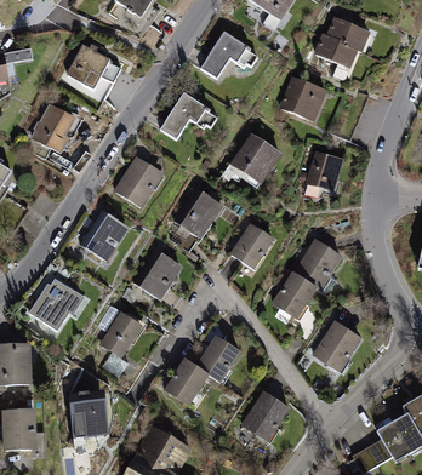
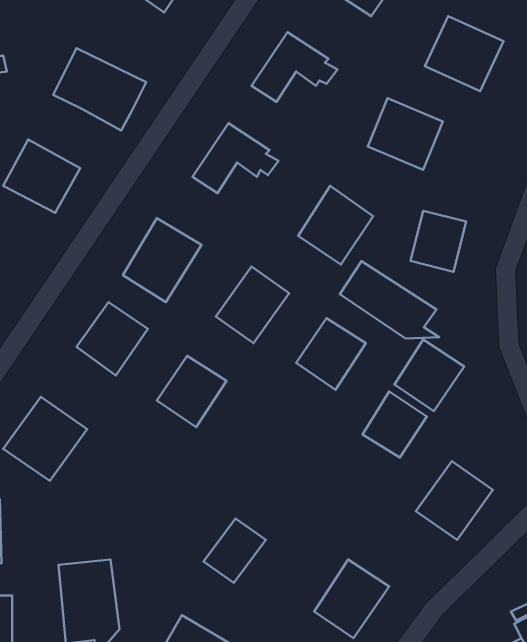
building: none -> [340,261,439,339]
building: [101,310,146,357] -> none
building: [198,336,240,379] -> none

